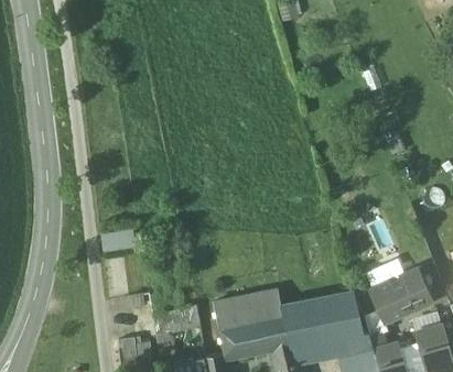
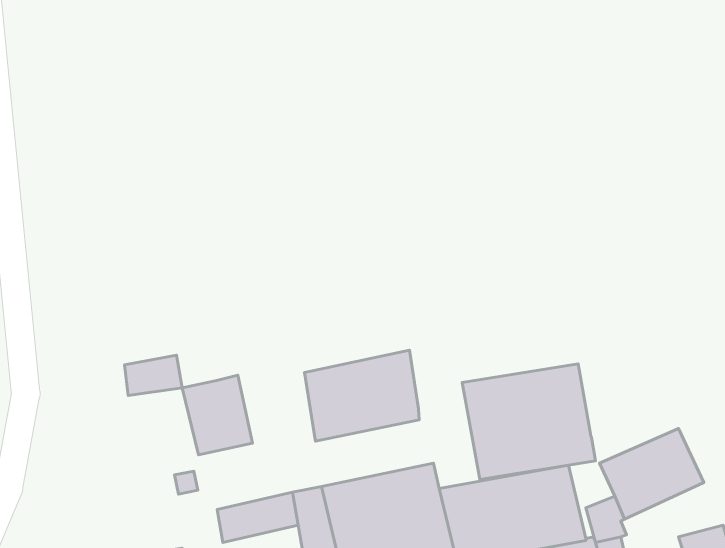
building: none -> [304,350,419,441]
building: none -> [462,364,596,480]
building: none -> [182,375,252,455]

